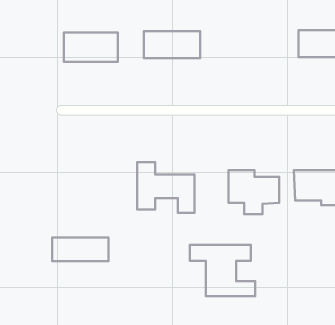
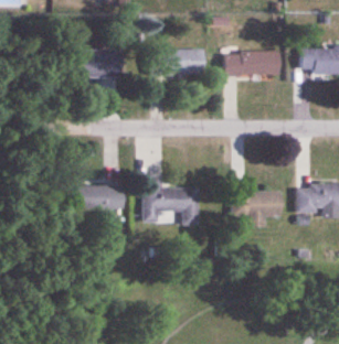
building: none -> [224,50,279,74]
building: [52,238,108,261] -> [68,185,124,208]
building: [190,245,255,296] -> none

